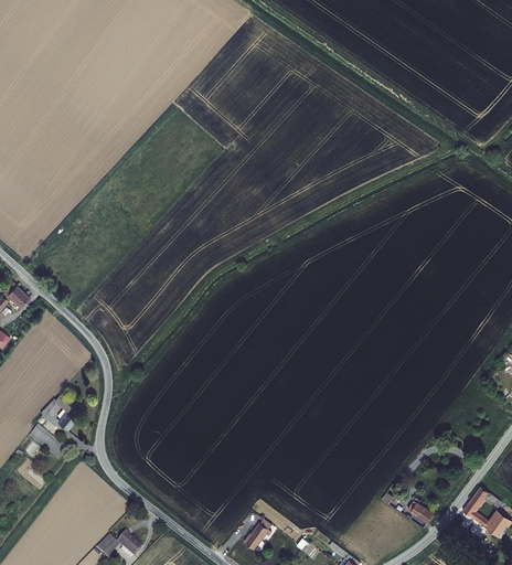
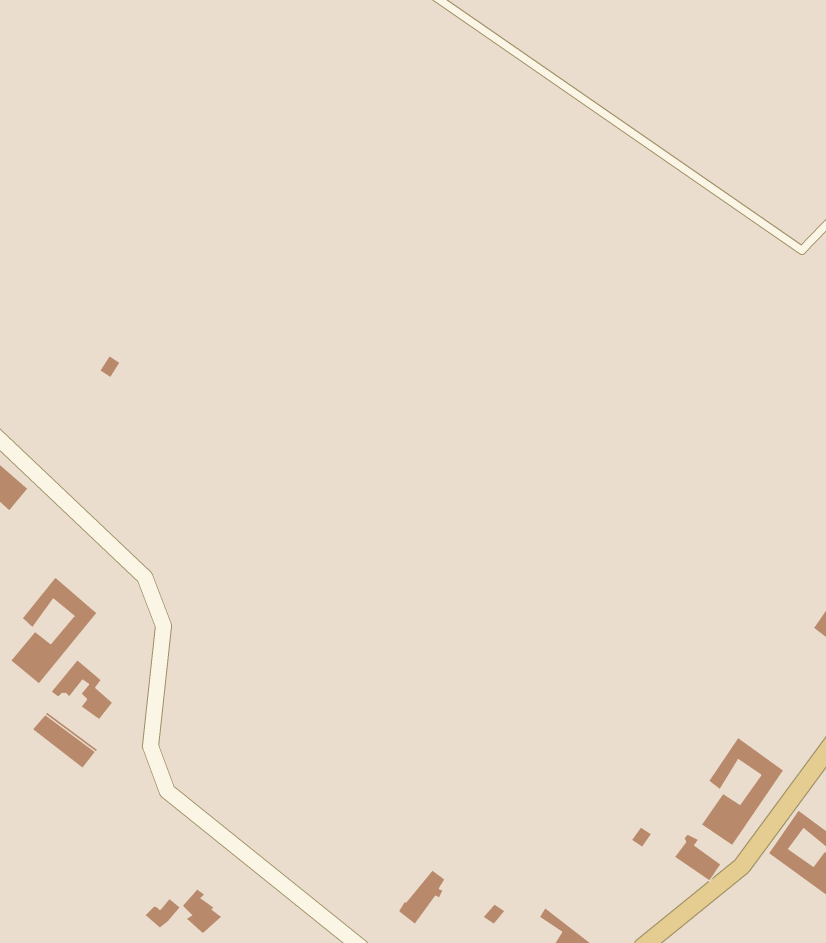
building: none -> [10,577,97,684]
building: none -> [701,737,784,846]

